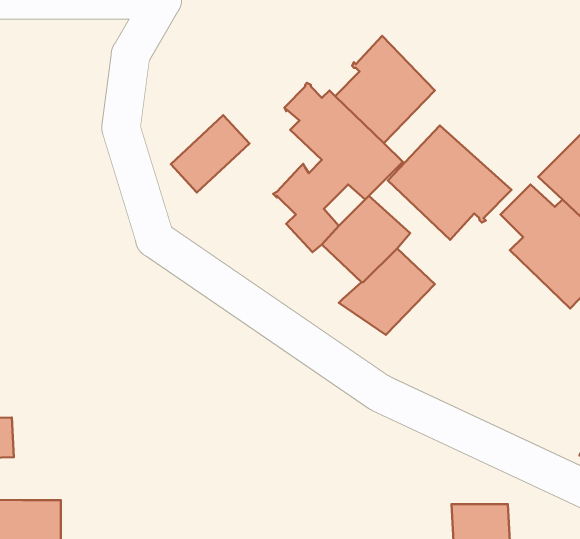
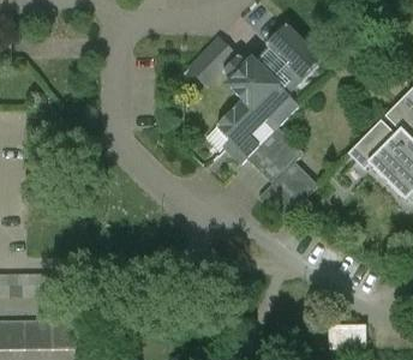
building: [171,115,250,192] -> [190,32,240,82]
building: [388,126,511,240] -> none

